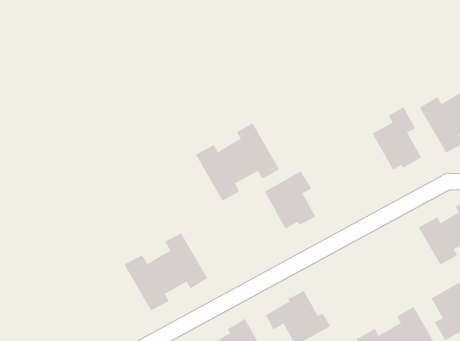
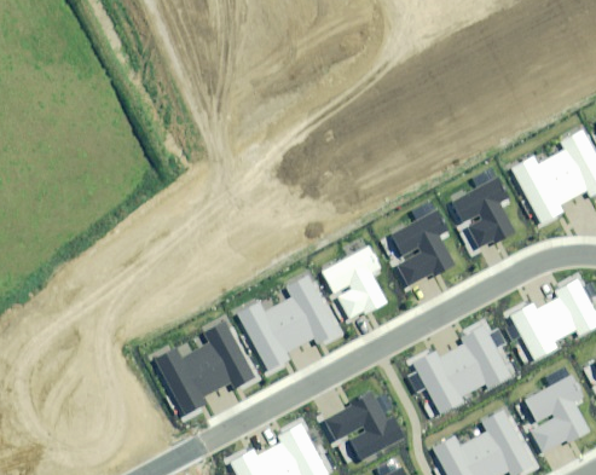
building: [195,123,280,201] -> [239,276,342,371]
building: none -> [393,199,453,283]
building: none -> [412,322,513,415]

